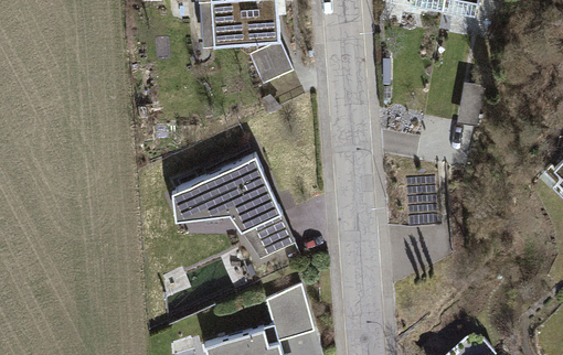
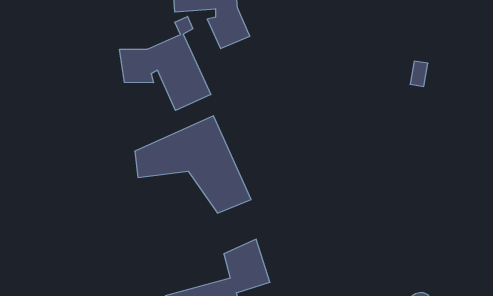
building: none -> [120,16,211,110]

